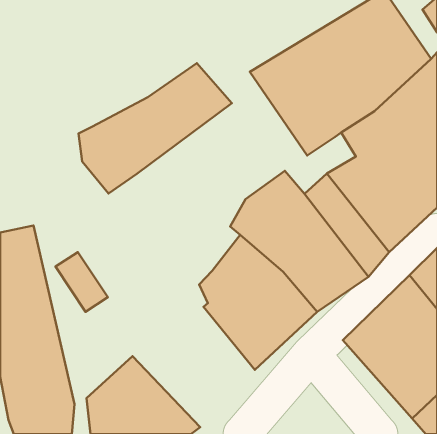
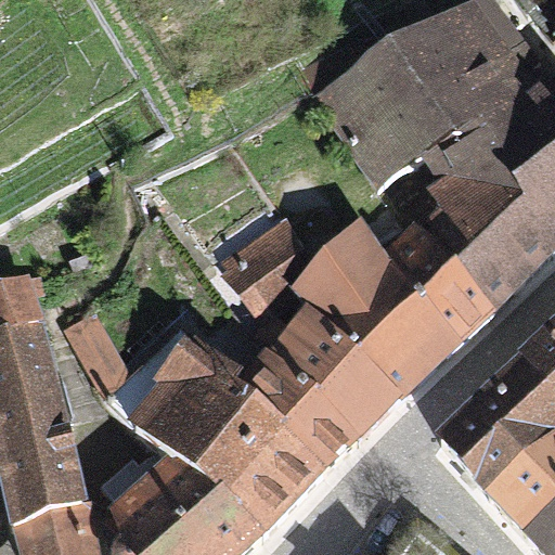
building: [79,63,232,193] -> none
building: none -> [218,223,311,344]
building: none -> [126,339,323,542]

